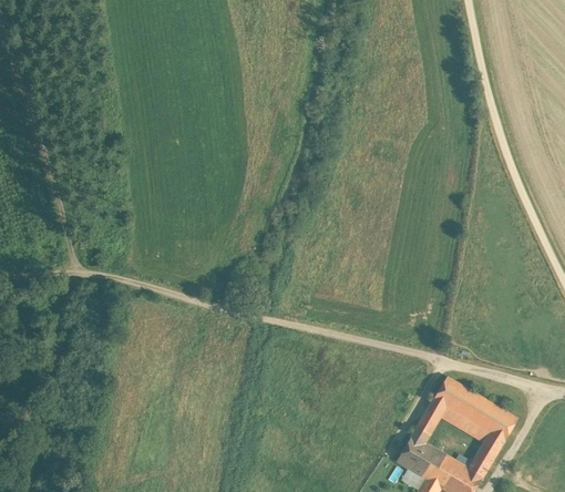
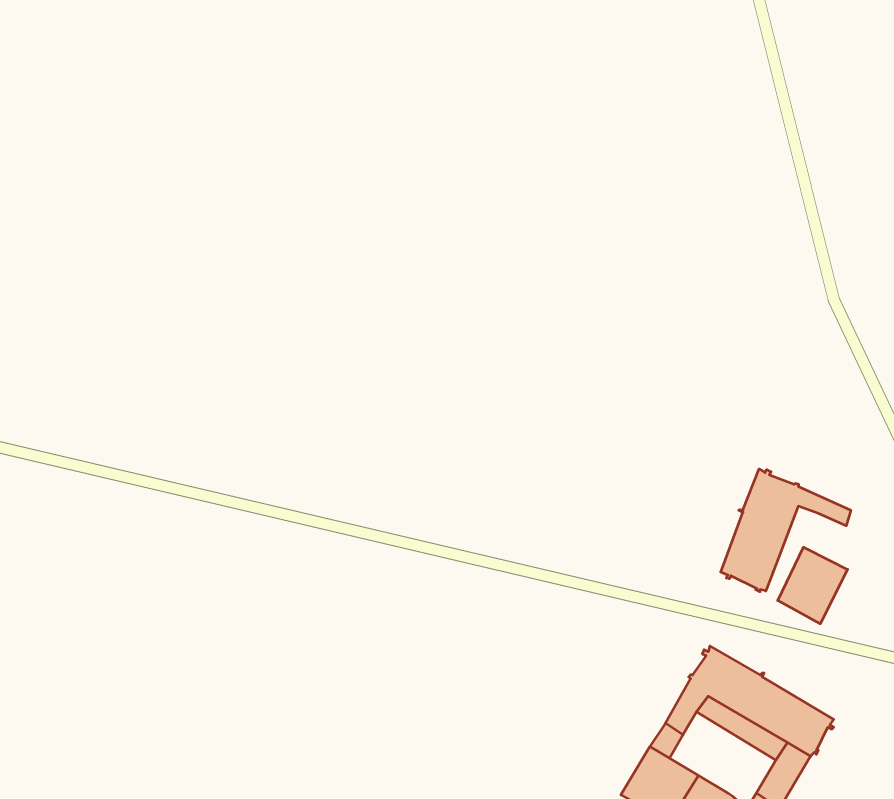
building: none -> [721,469,851,592]
building: none -> [778,547,848,624]

